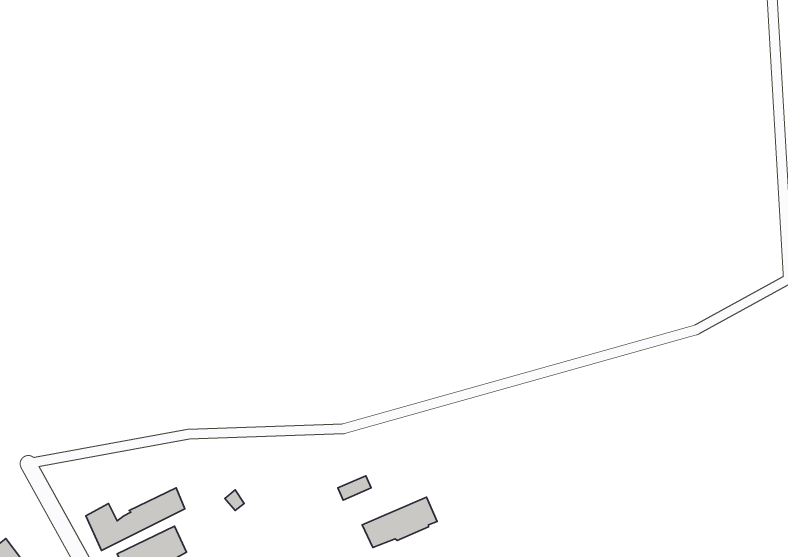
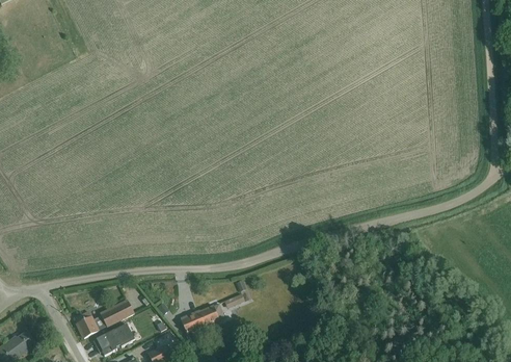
building: [362,497,437,548] -> [180,302,224,332]

